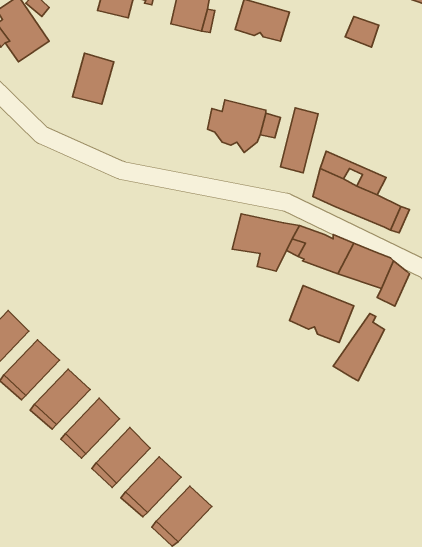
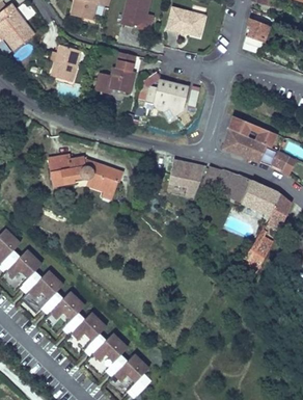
building: none -> [97,52,139,92]
building: [280,108,318,173] -> none
building: none -> [51,154,123,193]
building: [289,286,354,342] -> none

